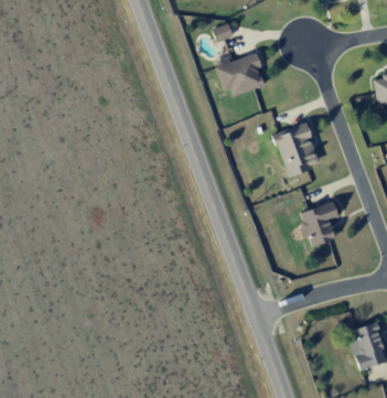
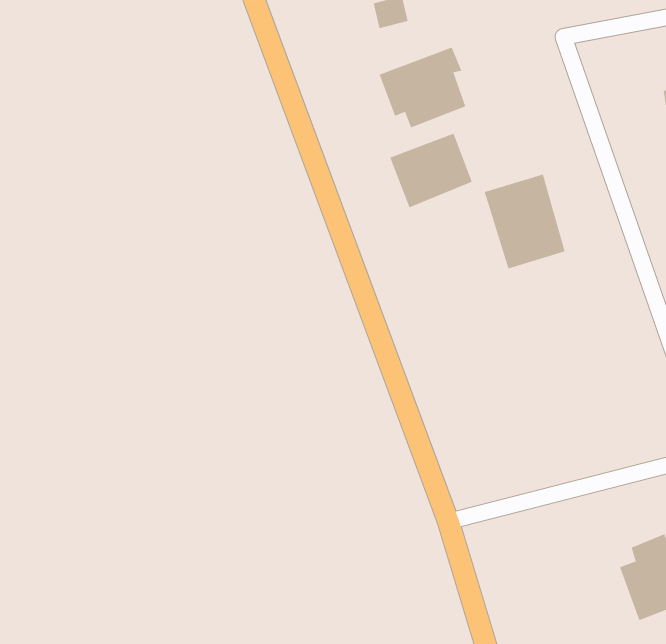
building: none -> [390,133,473,208]
building: [298,202,338,246] -> none

